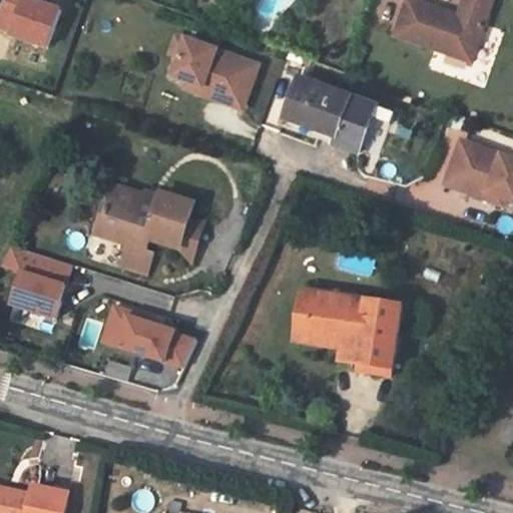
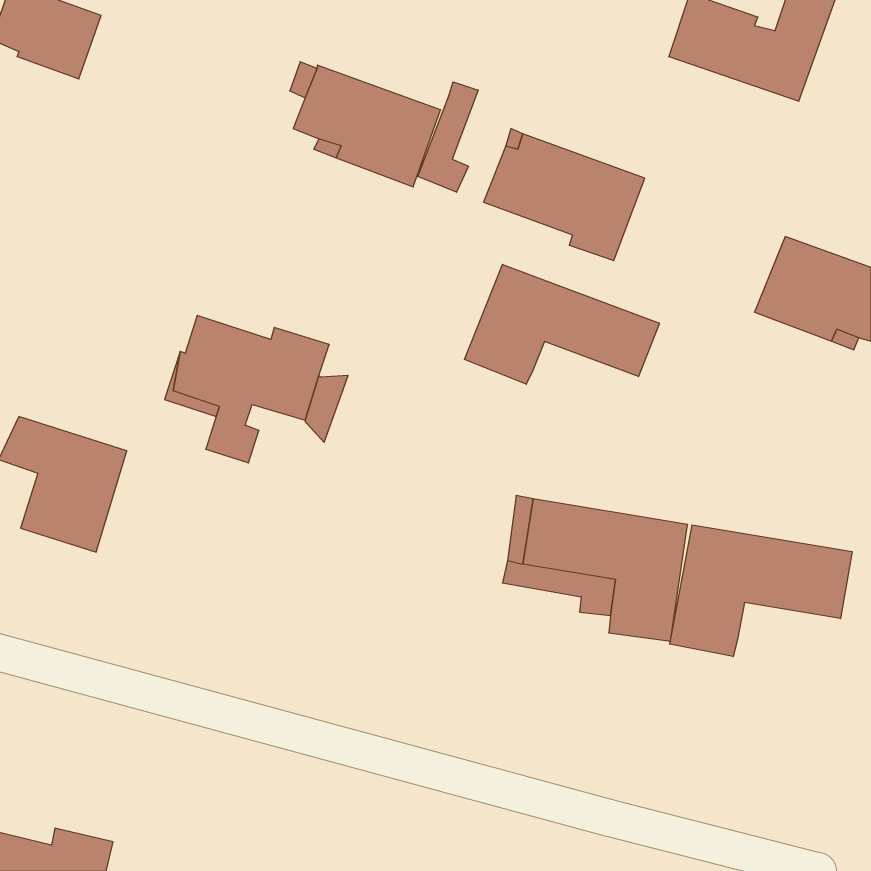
building: none -> [418,82,478,192]
building: none -> [464,264,659,384]
building: [101,302,195,368] -> none
building: none -> [670,525,852,657]

